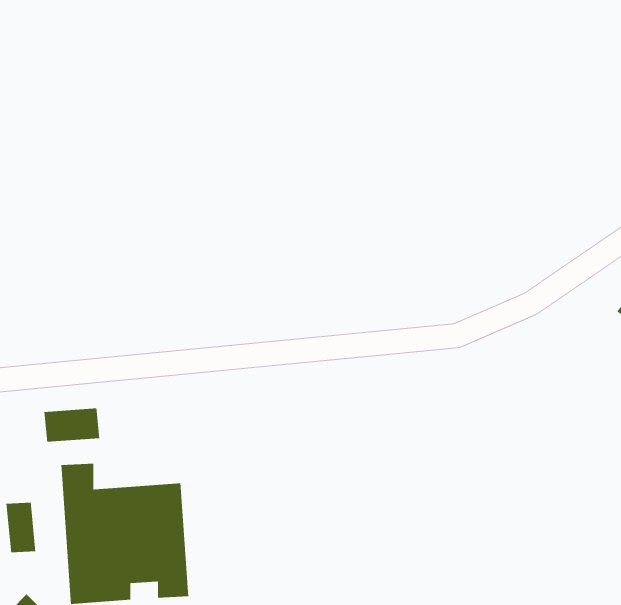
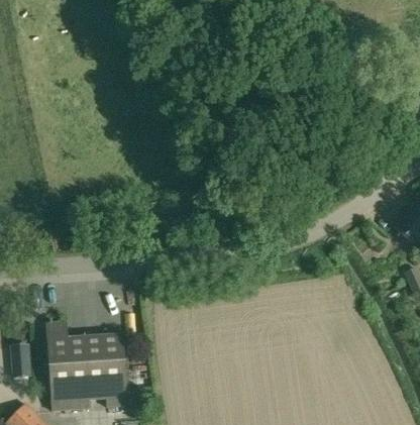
building: [43,408,100,442] -> none

